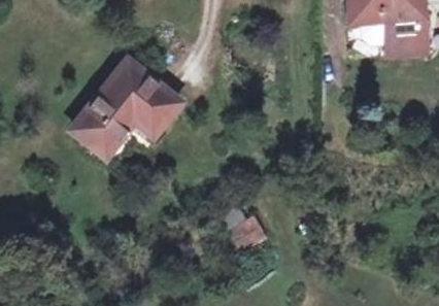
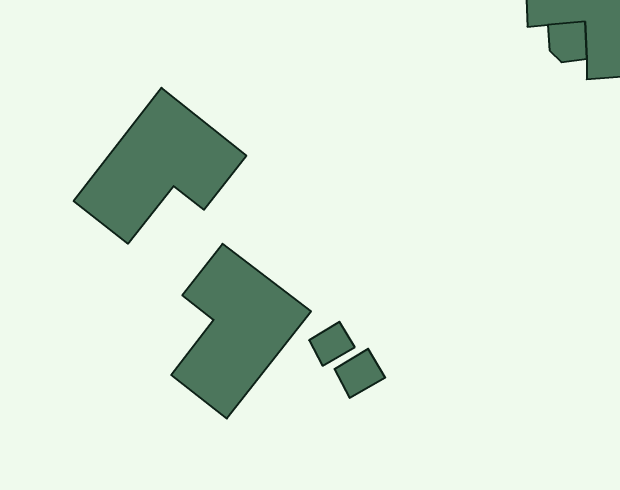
building: none -> [171,244,311,419]

